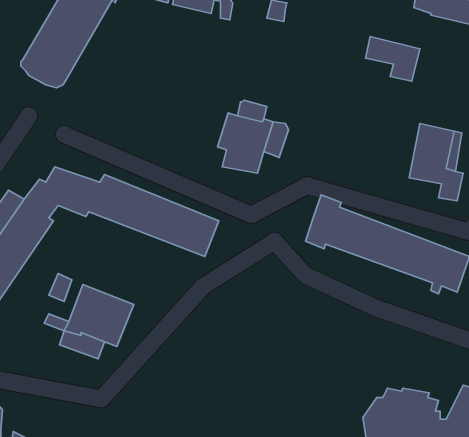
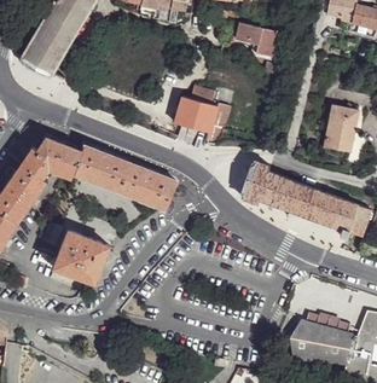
building: [366,36,420,81] -> [240,23,283,58]

